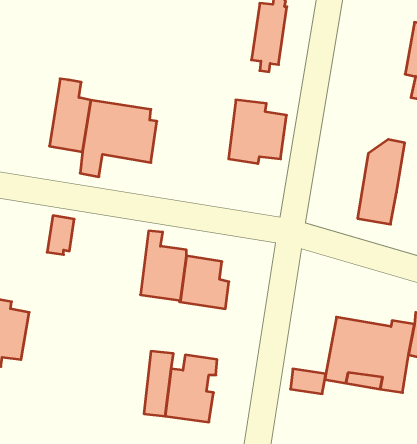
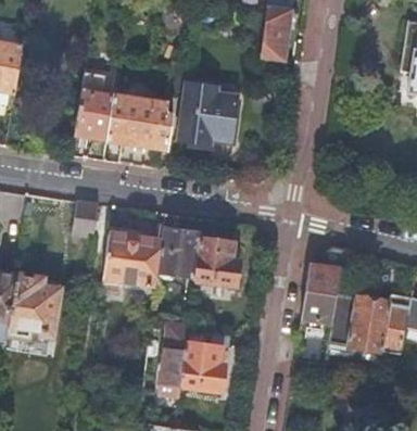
building: [229,100,287,164] -> [184,85,237,143]
building: [358,139,405,224] -> [303,245,346,324]
building: none -> [103,229,157,284]

